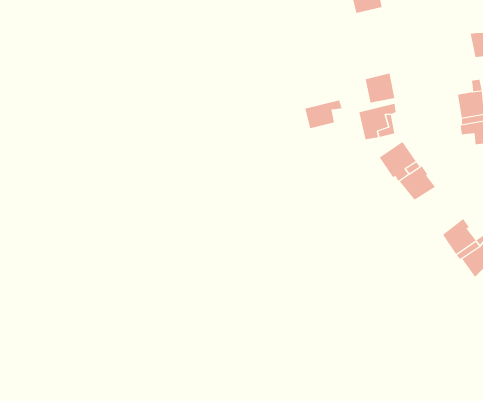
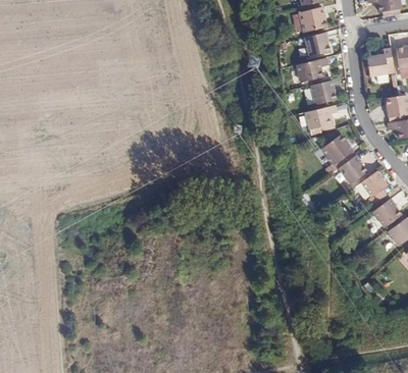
building: none -> [305,32,329,56]
building: none -> [367,48,393,75]
building: [304,100,342,129] -> [298,57,328,81]
building: none -> [355,170,388,204]

